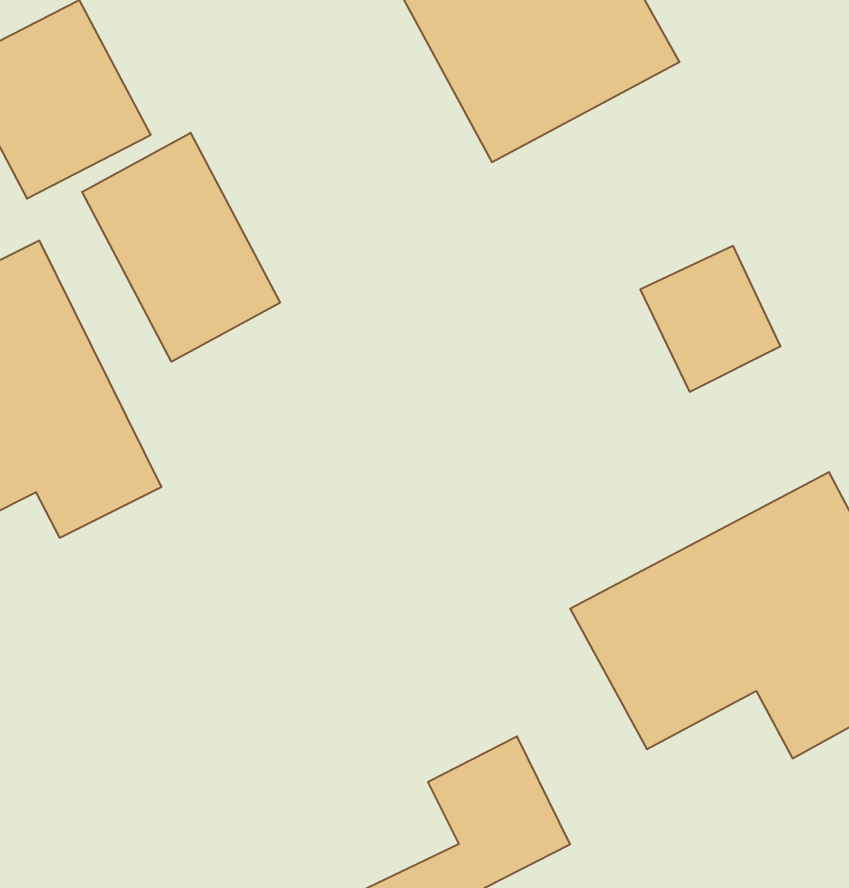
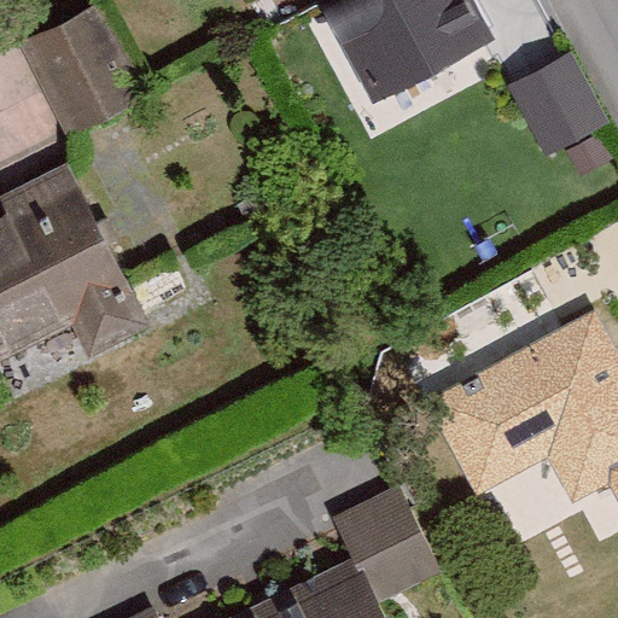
building: [82,133,280,362] -> none
building: [640,246,781,392] -> [508,57,601,153]

